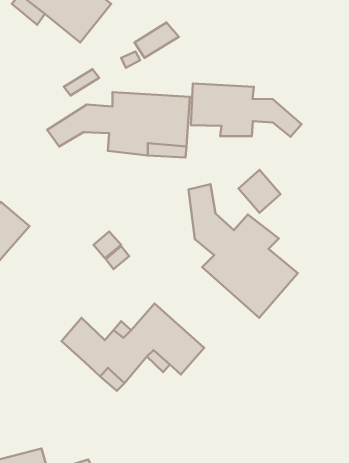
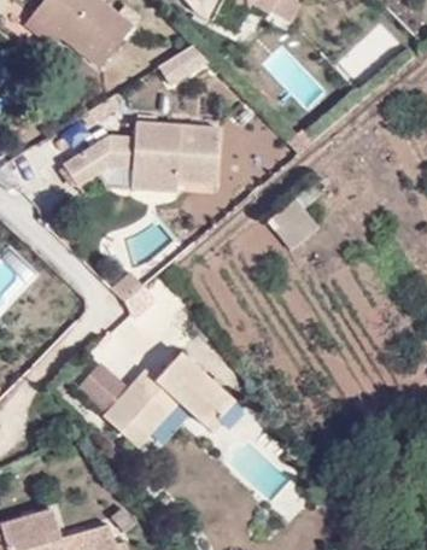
building: [191,83,302,137] -> none
building: [189,184,298,318] -> none

